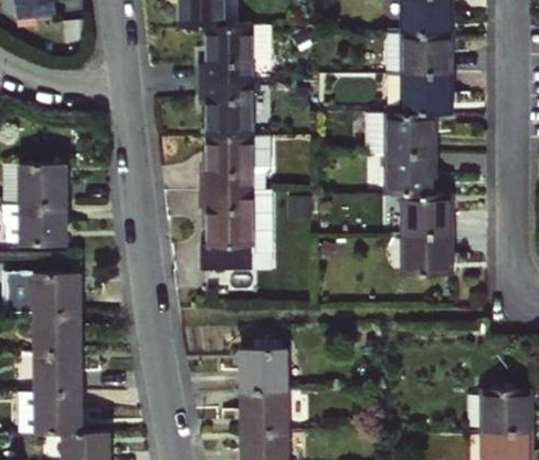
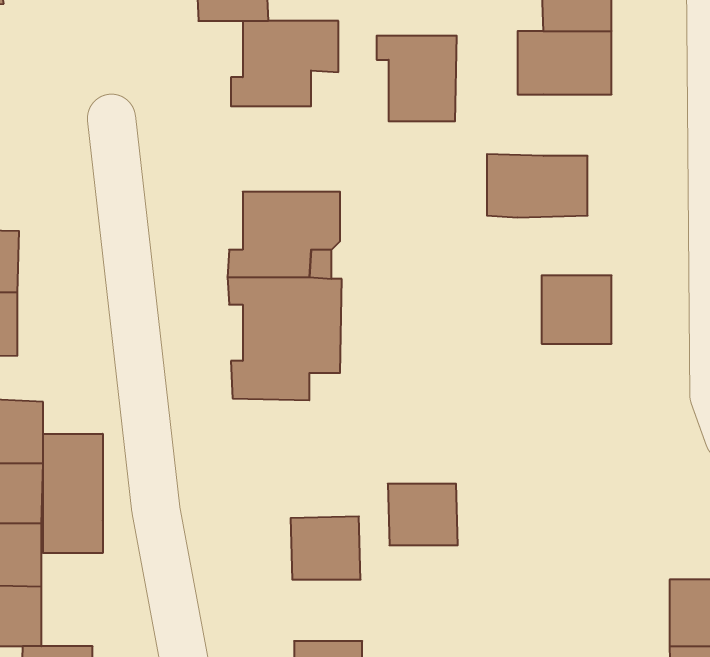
building: [403,74,447,114] -> none
building: [201,82,253,137] -> [377,36,457,121]
building: [387,153,432,191] -> none
building: [401,236,447,275] -> none
building: none -> [43,434,103,553]
building: [241,388,286,428] -> [388,484,458,545]

